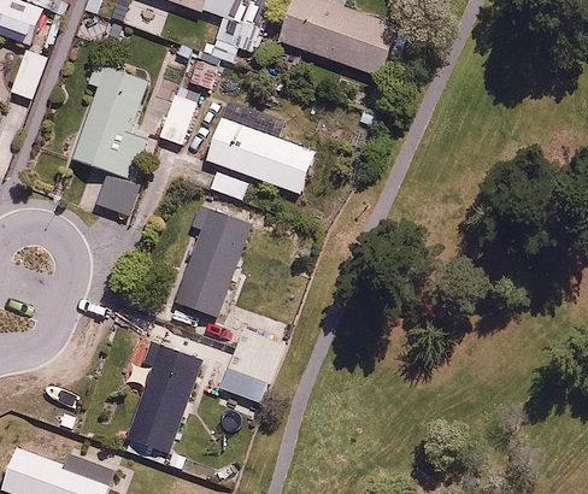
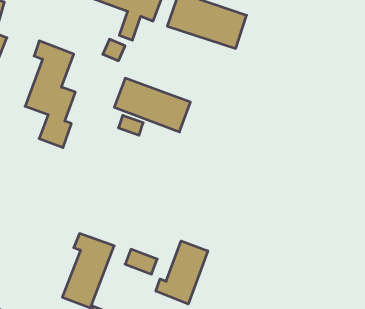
building: [155,93,195,145] -> none
building: [176,202,252,318] -> none
building: none -> [156,241,208,304]

